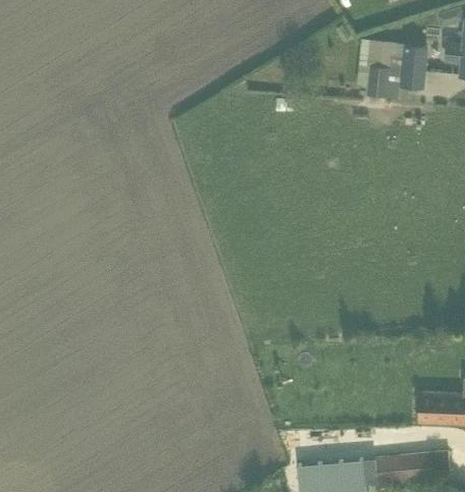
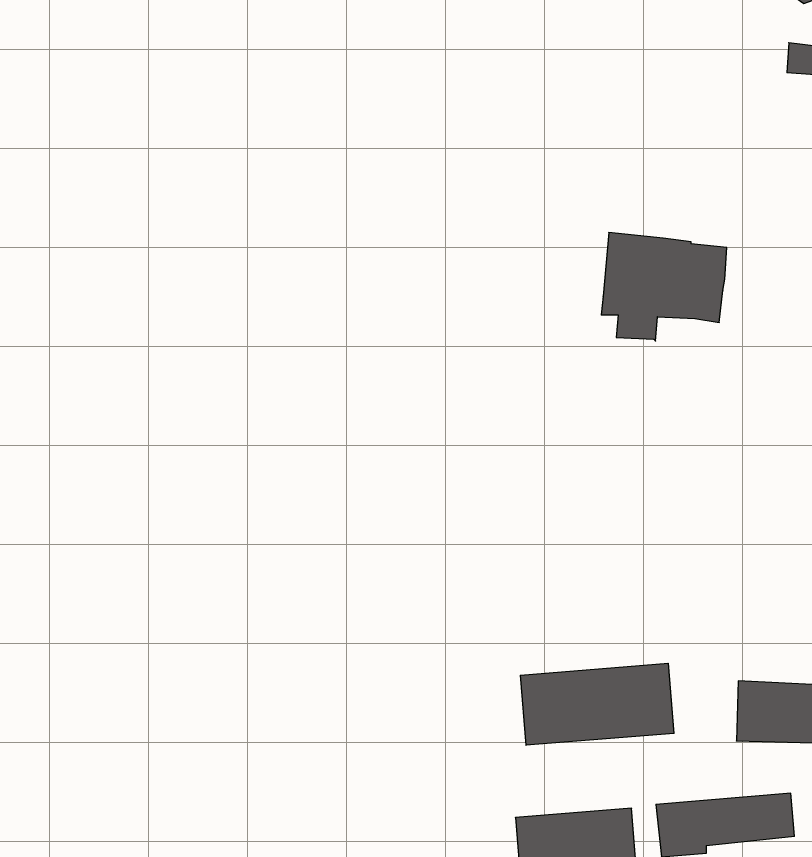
building: [358,39,426,98] -> [601,233,727,341]
building: none -> [520,663,674,745]

